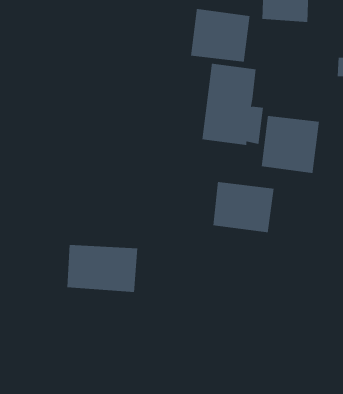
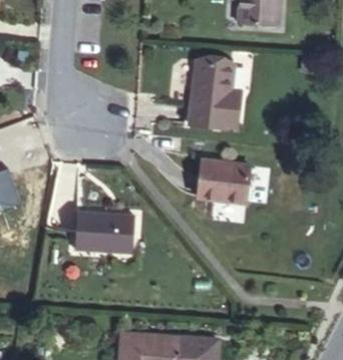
building: [191,8,250,63] -> none
building: [261,115,319,174] -> none

